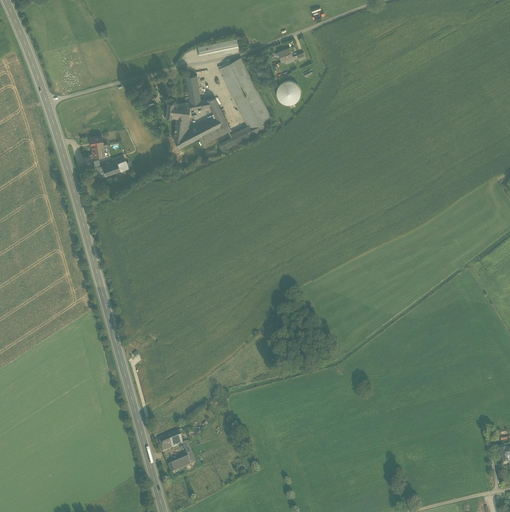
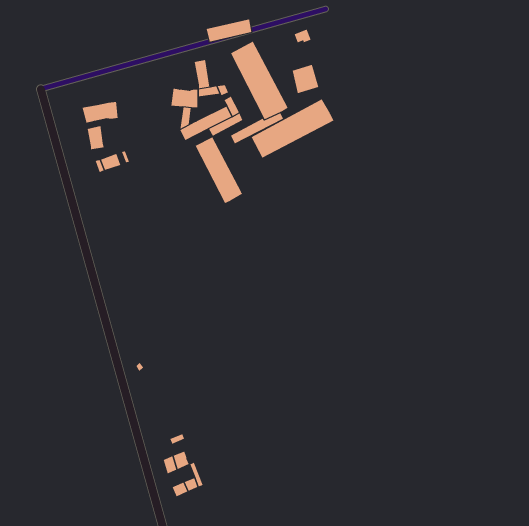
building: none -> [251,99,334,158]
building: none -> [82,101,118,124]
building: none -> [195,137,243,204]

